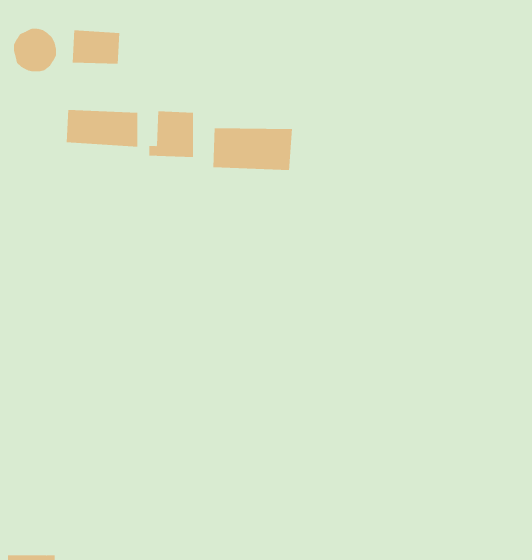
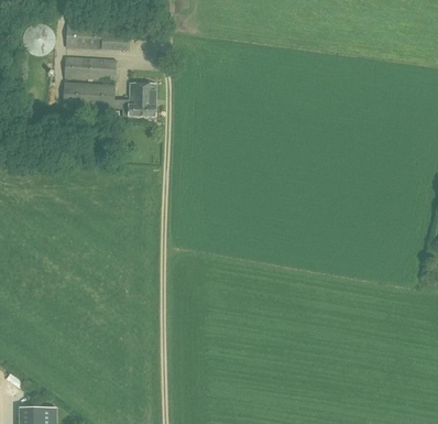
building: none -> [63,56,116,80]
building: [213,127,292,171] -> none

